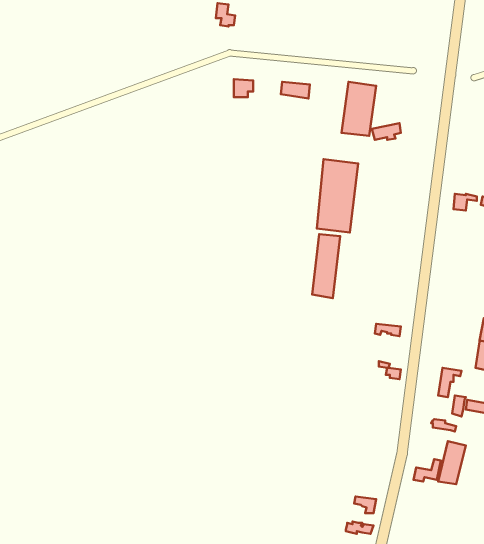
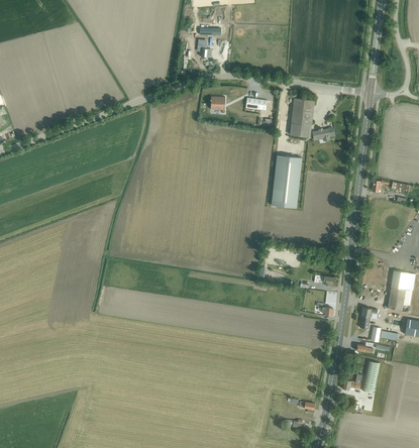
building: [312,234,340,298] -> none

